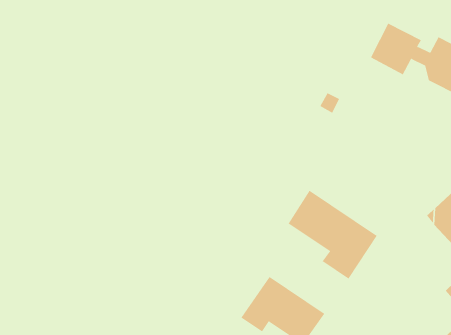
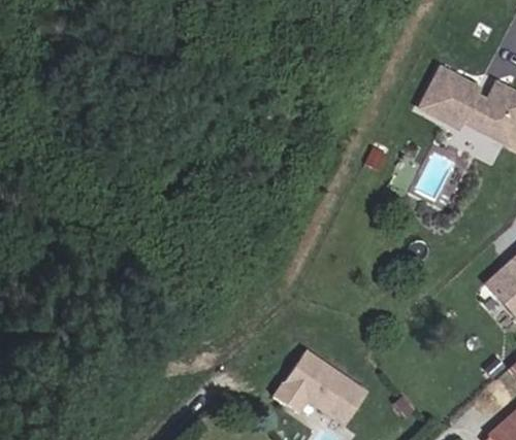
building: [288,190,378,280] -> none

